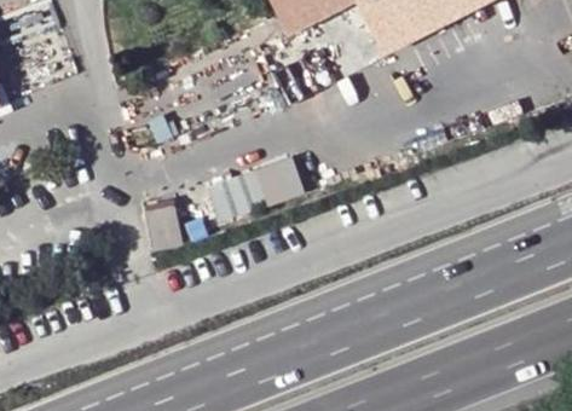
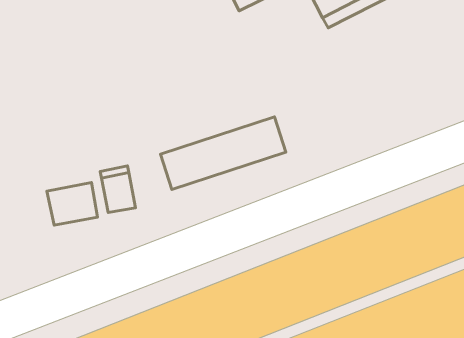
building: none -> [47,183,98,225]

